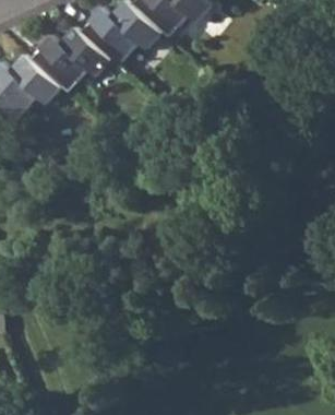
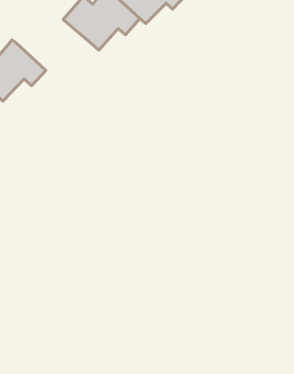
building: [28,26,110,90] -> none

